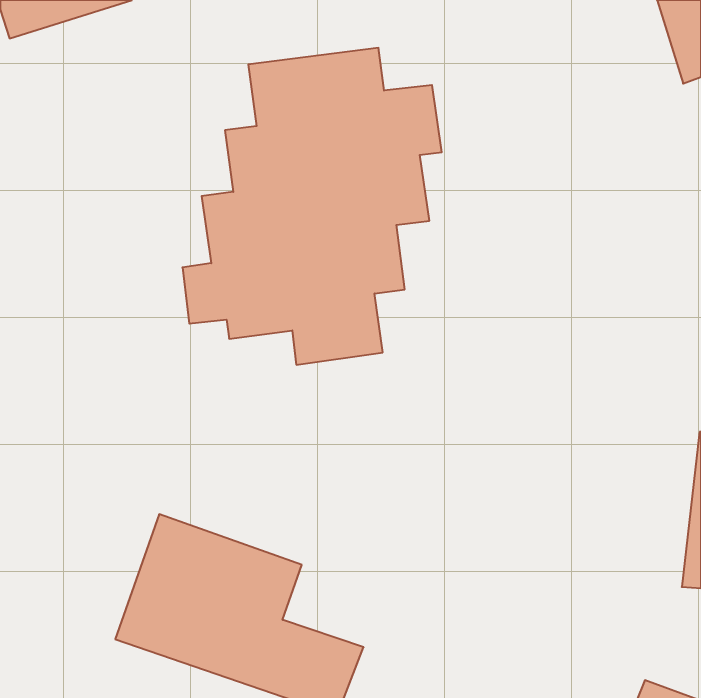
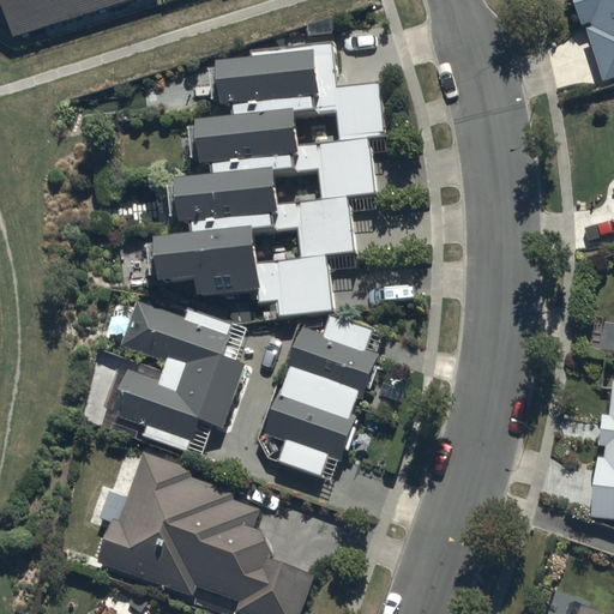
building: none -> [109,299,248,449]
building: none -> [259,314,387,477]

